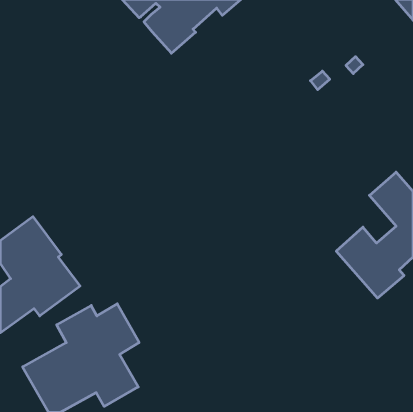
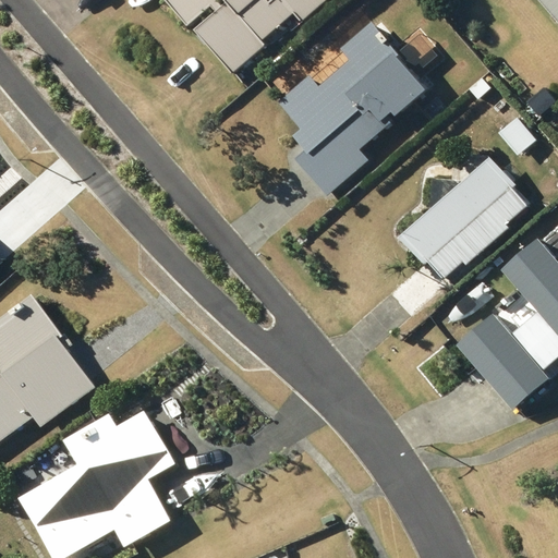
building: none -> [276,22,421,195]
building: none -> [396,157,524,280]

